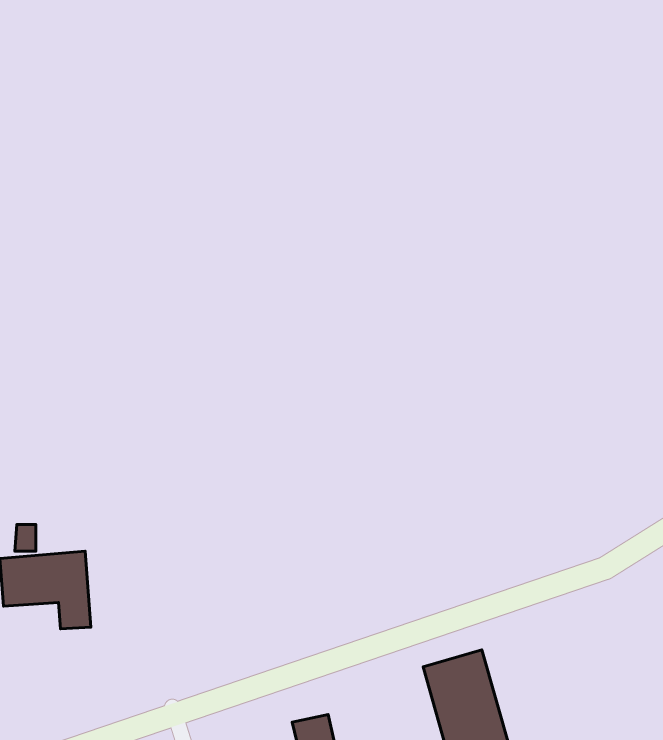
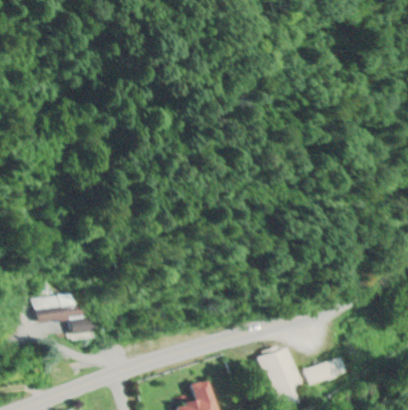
building: none -> [304,357,346,386]

